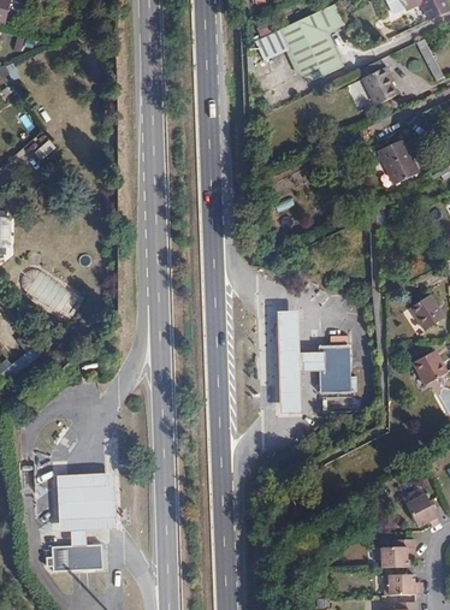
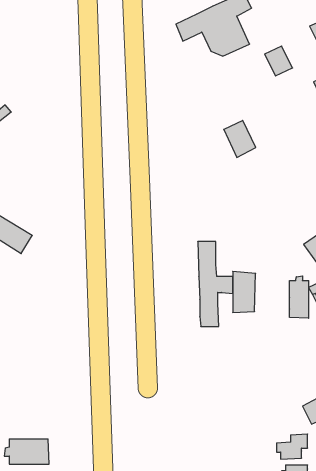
building: [378,141,416,185] -> [224,120,256,157]
building: none -> [290,276,309,318]
building: [60,467,118,544] -> none

